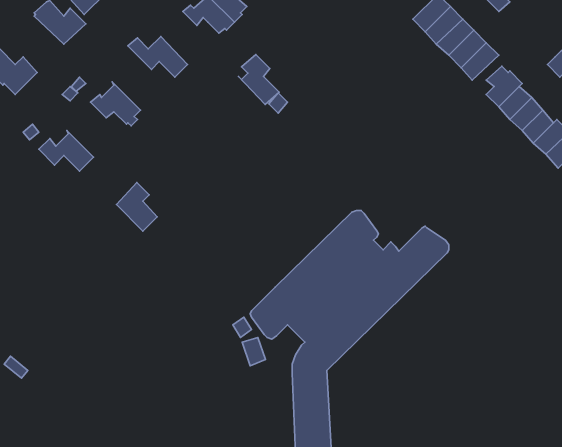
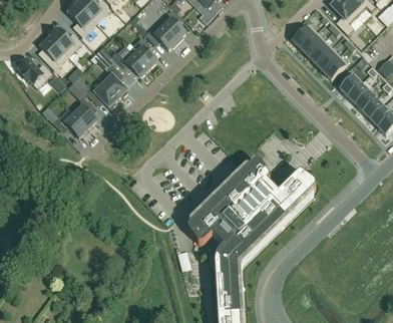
building: none -> [40,37,68,69]
building: [238,54,279,105] -> [130,36,156,68]
building: none -> [99,63,127,97]
building: [116,182,157,231] -> [70,96,96,127]

